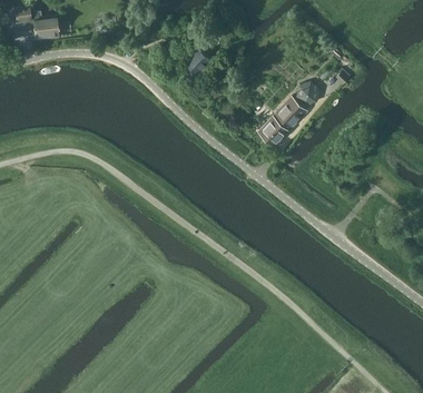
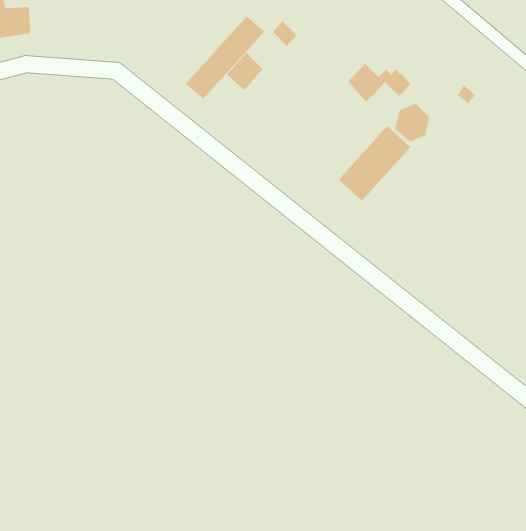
building: none -> [185,15,265,100]
building: none -> [348,63,411,103]

